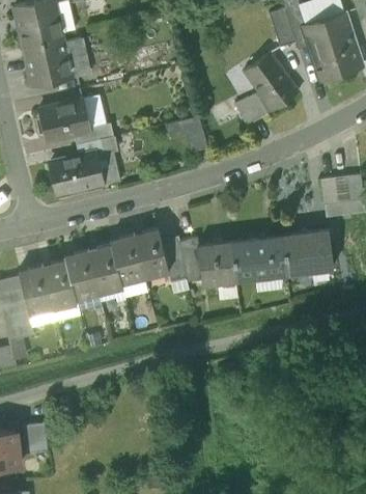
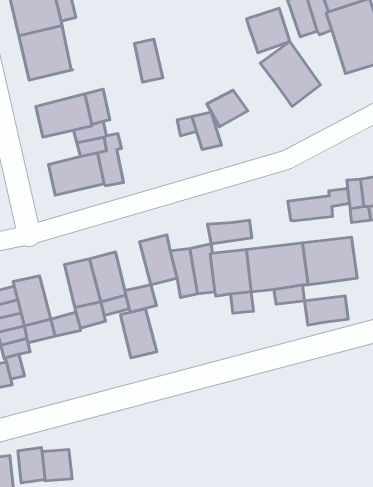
building: none -> [247,8,290,53]
building: [64,37,90,77] -> [134,39,163,82]
building: [235,91,273,125] -> [207,90,248,127]
building: none -> [288,189,349,221]
building: none -> [208,220,252,244]
building: [111,234,144,278] -> [120,309,157,358]
building: [43,258,76,304] -> none
building: none -> [305,296,348,325]
building: none -> [42,449,72,481]

